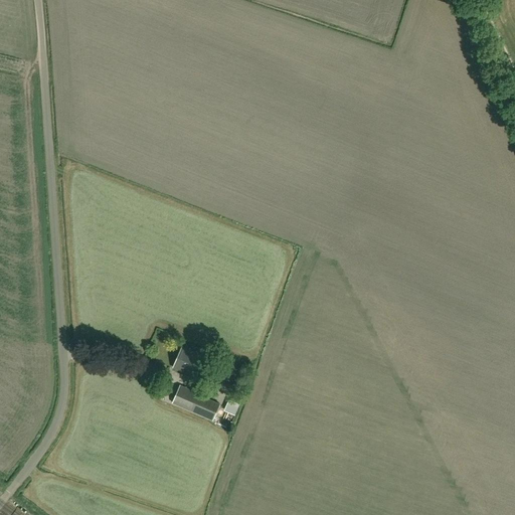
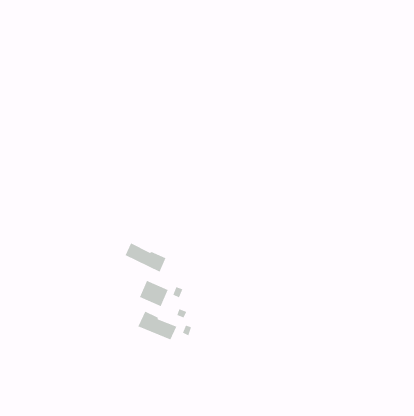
building: none -> [125,242,166,273]

